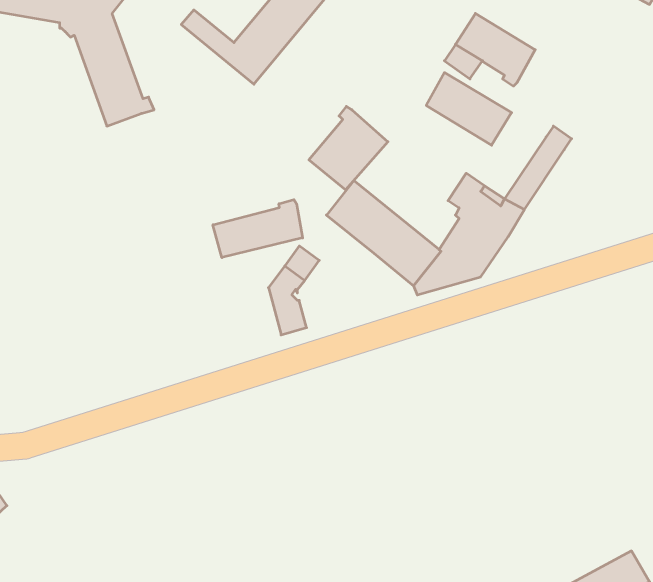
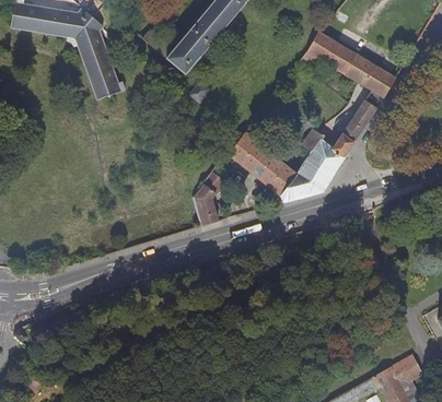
building: [426,73,512,145] -> [342,54,394,97]
building: [309,106,388,190] -> none
building: [213,200,303,258] -> none

